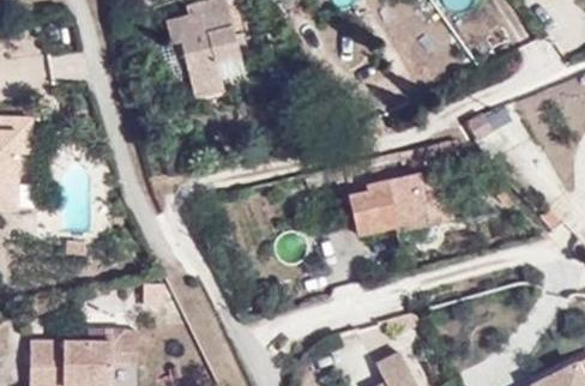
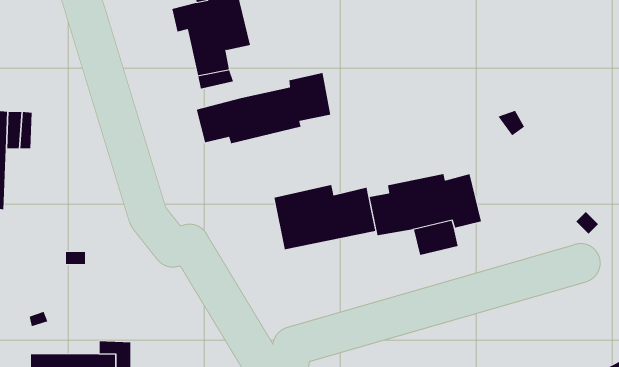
building: none -> [196,72,331,144]
building: none -> [274,184,376,250]

